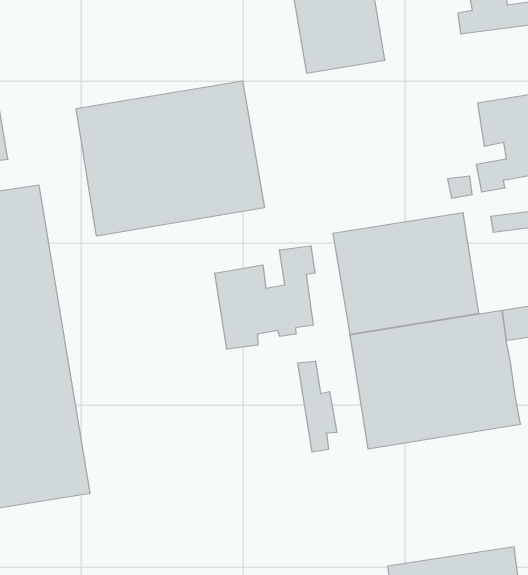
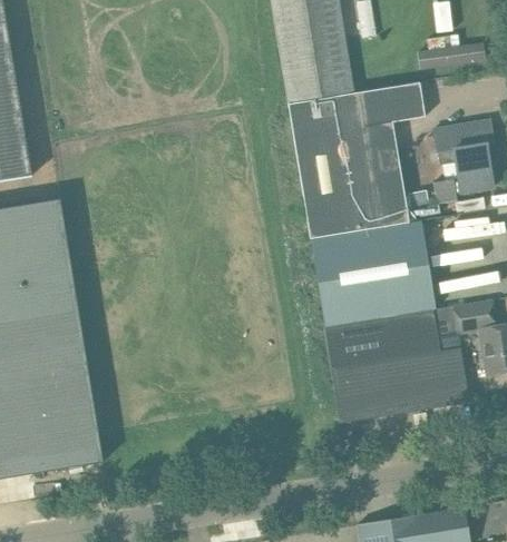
building: none -> [286,81,425,239]
building: [76,81,265,236] -> none
building: [215,246,315,349] -> none
building: [298,361,337,452] -> none

